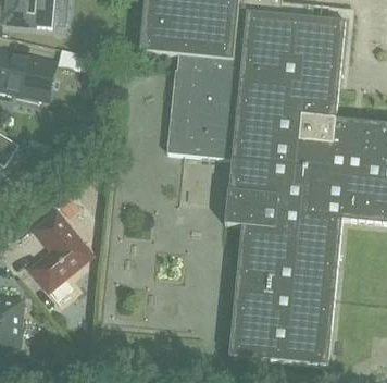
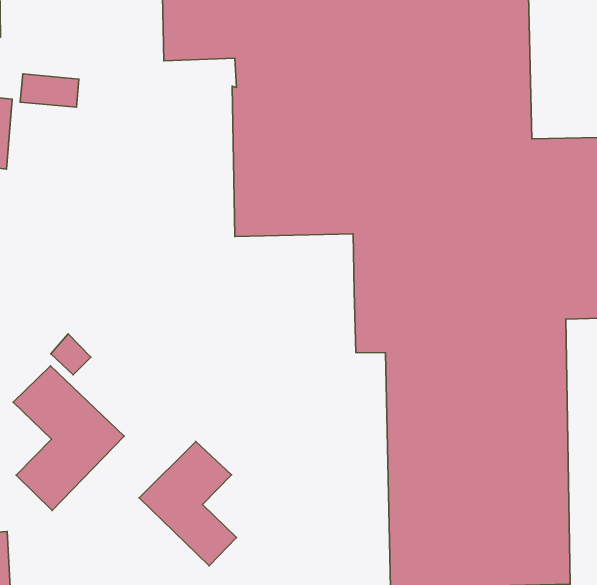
building: none -> [139,441,237,566]

